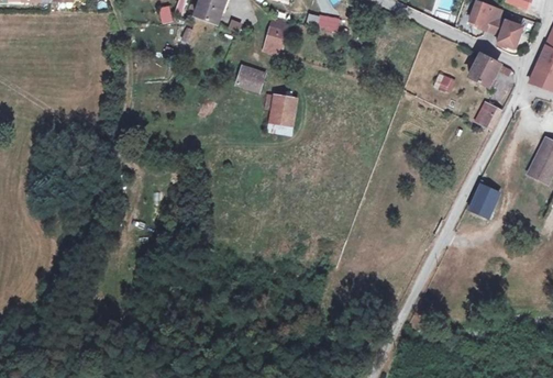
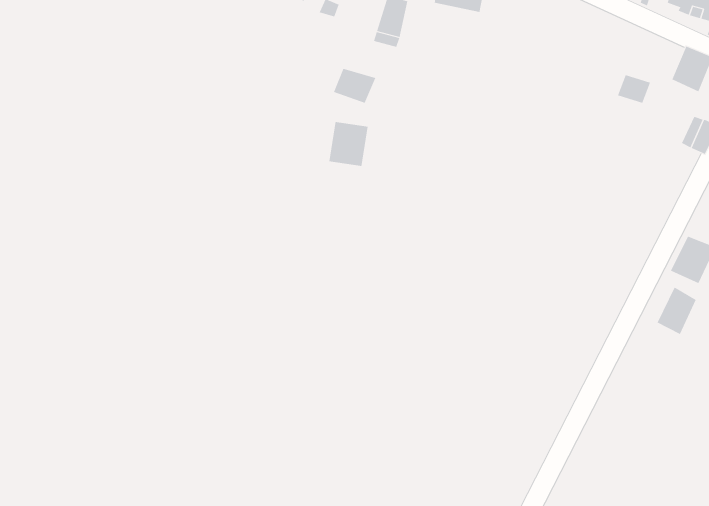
building: [269,94,297,125] -> [329,122,368,166]
building: none -> [657,286,696,335]

